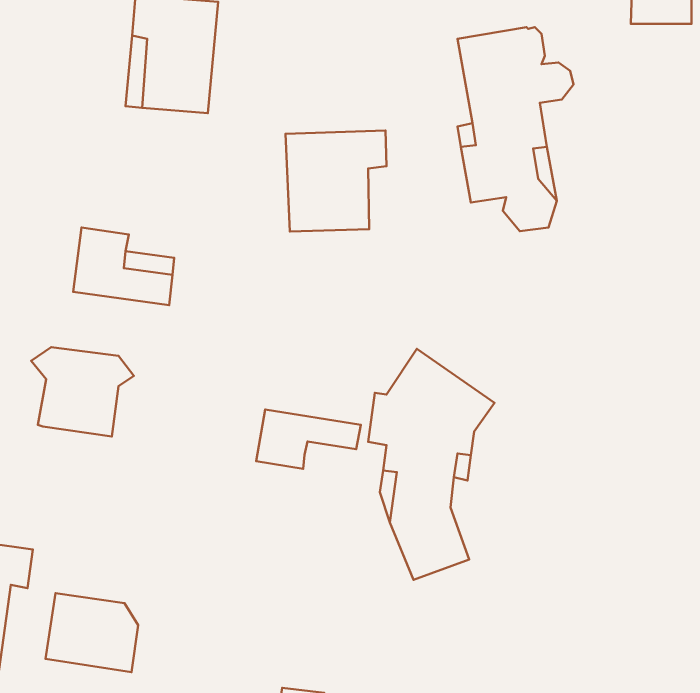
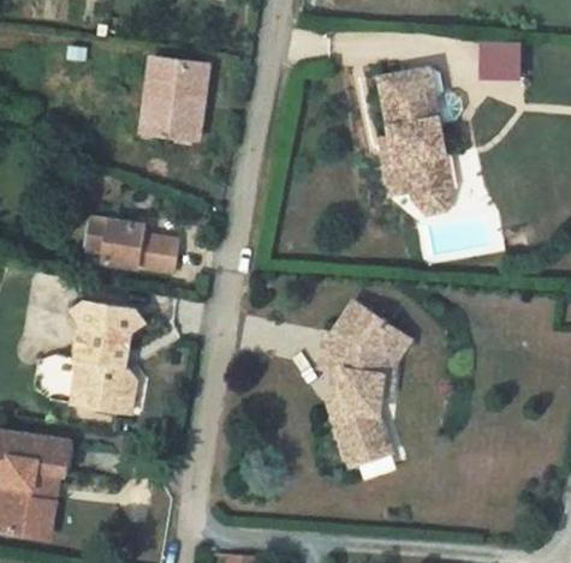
building: [286,131,387,231] -> none
building: [256,410,361,469] -> none
building: [45,593,138,672] -> [67,357,133,413]

